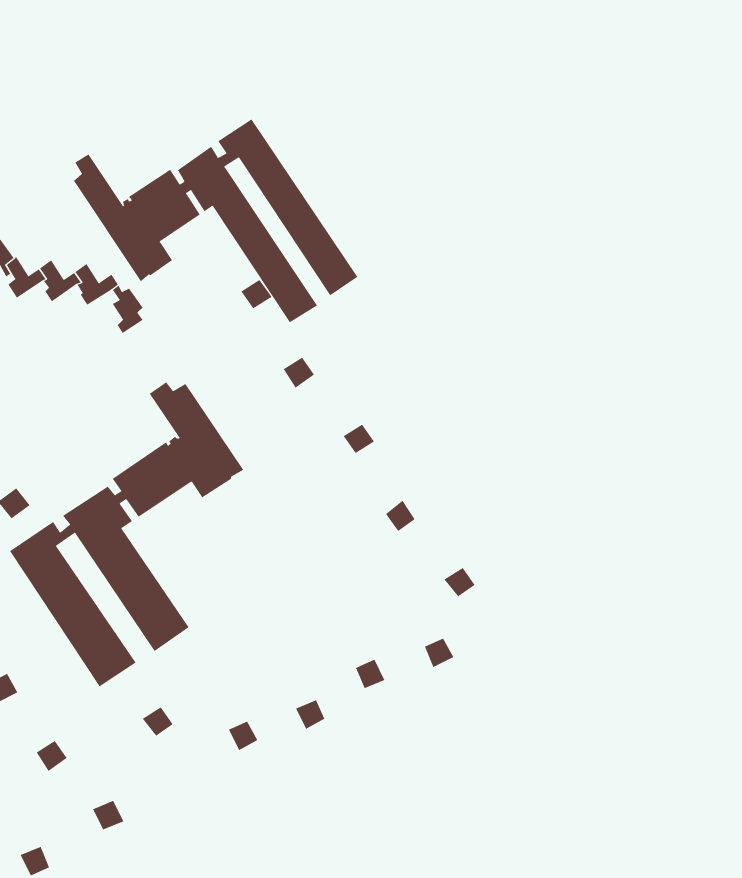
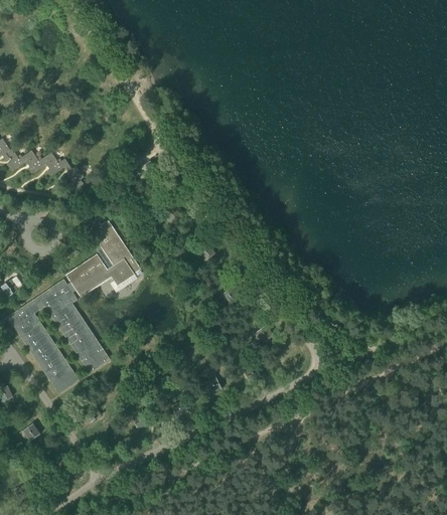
building: [73,119,358,323] -> none

